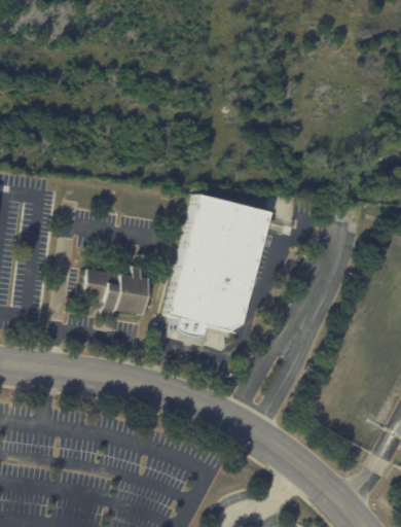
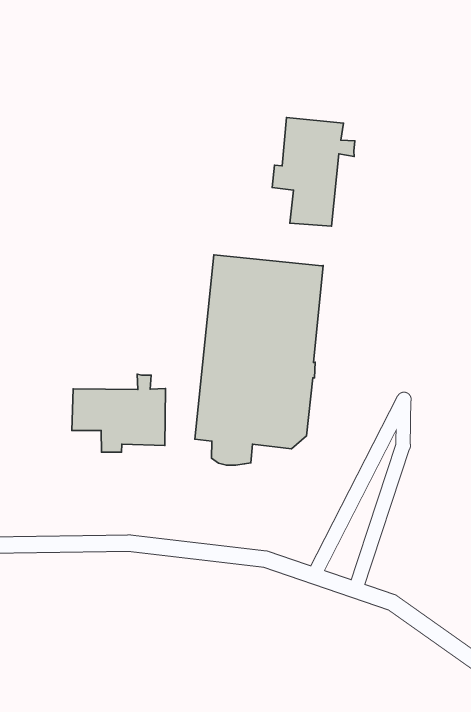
building: none -> [272,117,355,226]

